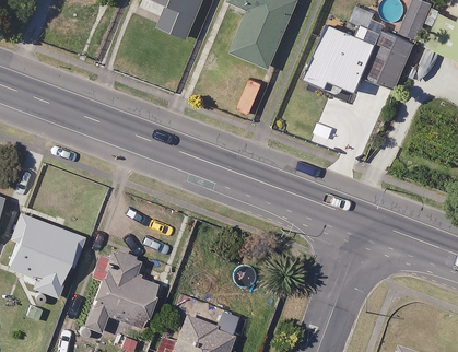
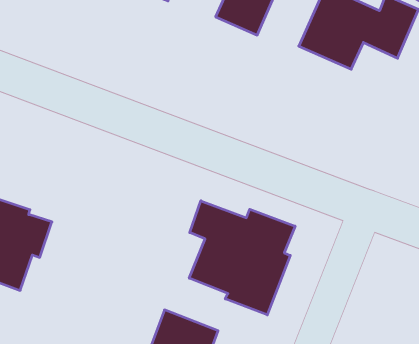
building: none -> [189,201,295,315]
building: [82,247,158,331] -> none

